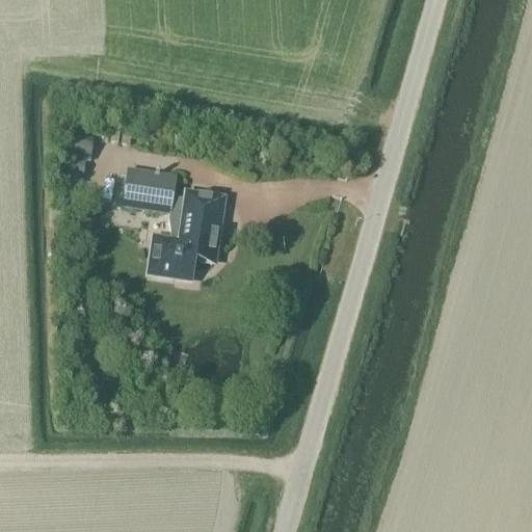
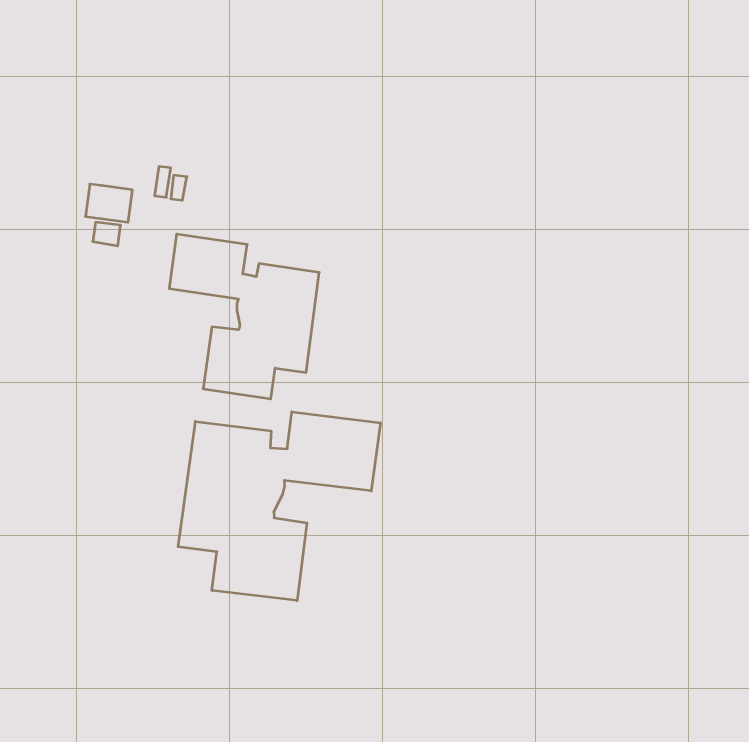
building: none -> [178,412,380,601]

